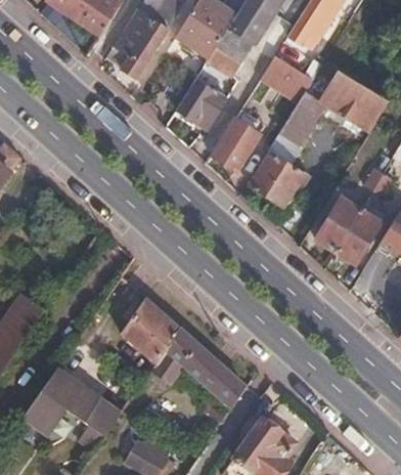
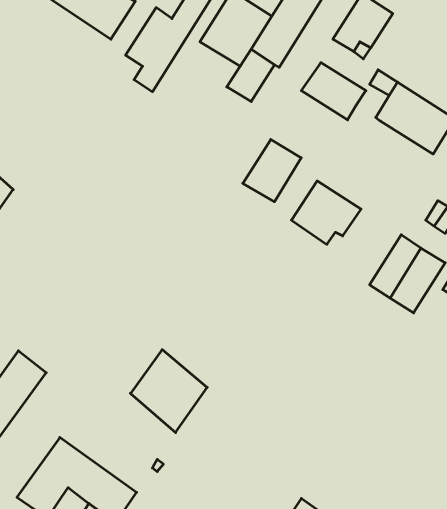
building: [175,74,229,130] -> none
building: [279,89,325,143] -> none
building: [151,326,246,420] -> none

